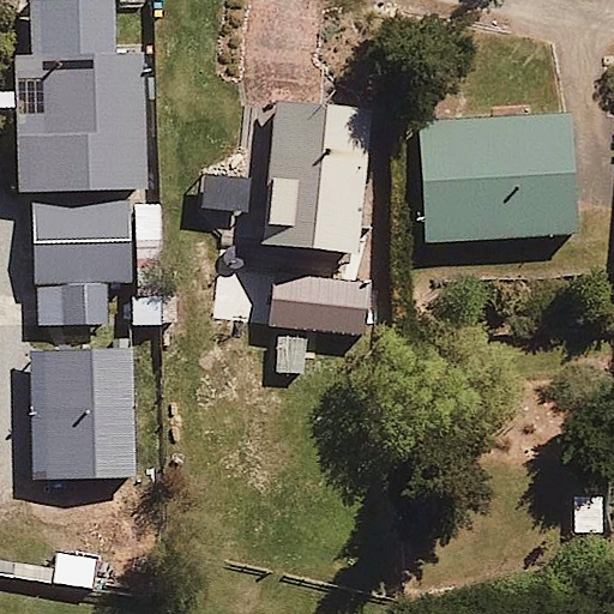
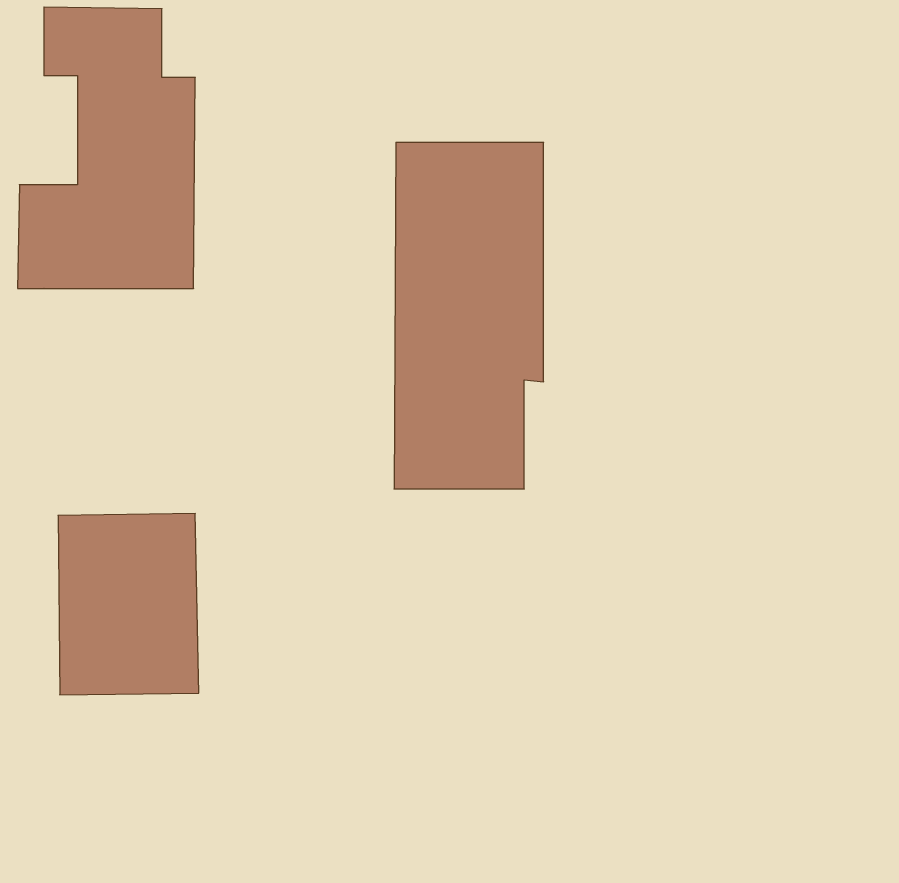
building: [414,113,573,243] -> none
building: [29,197,132,323] -> none

